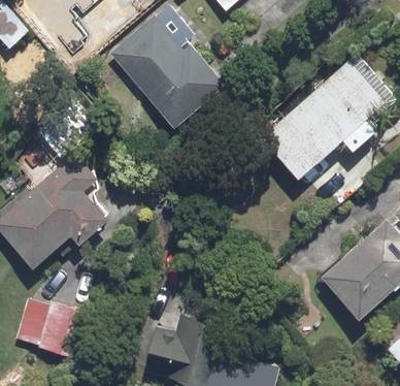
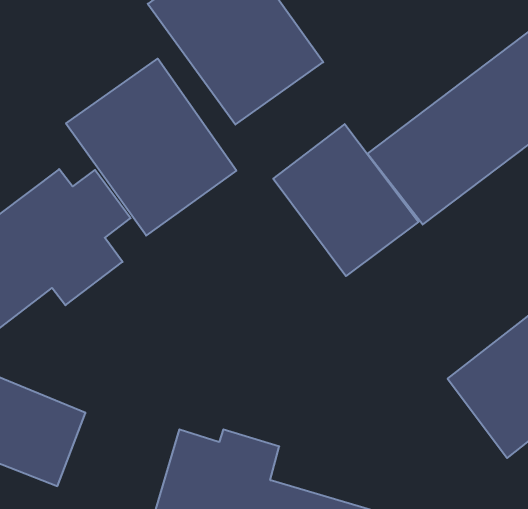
building: none -> [66,59,236,236]
building: none -> [273,124,419,276]

